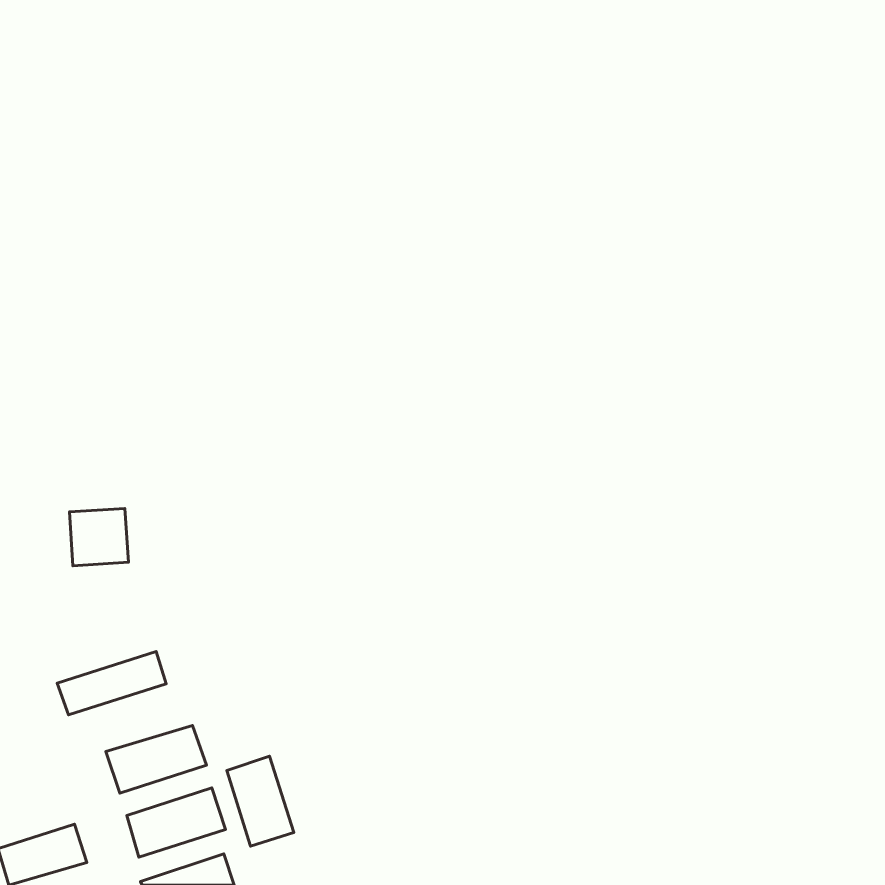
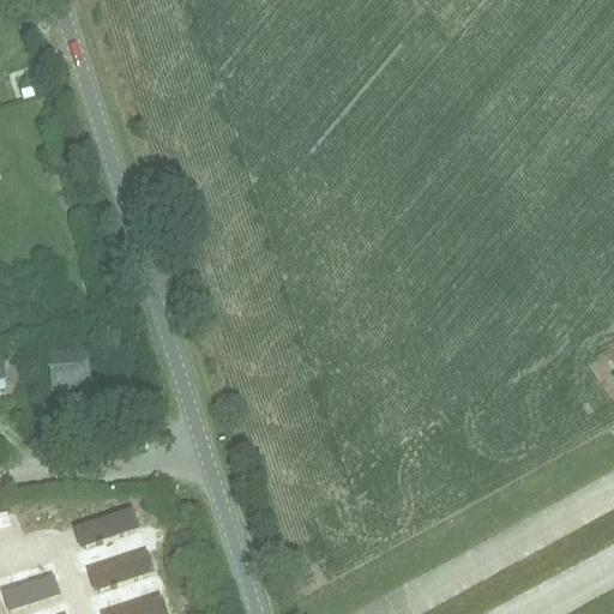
building: [57,651,166,715] -> none
building: [227,756,294,846] -> none

